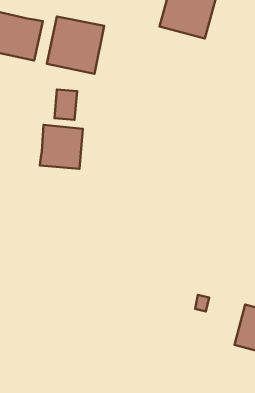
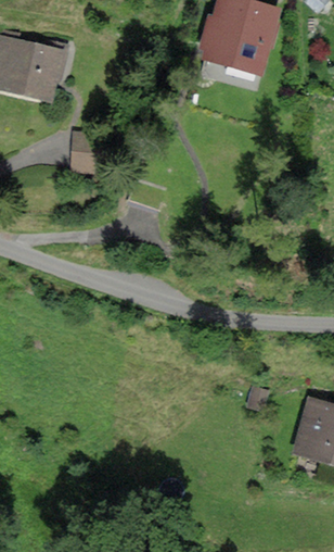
building: [47,16,104,74] -> none
building: [40,125,83,169] -> none

